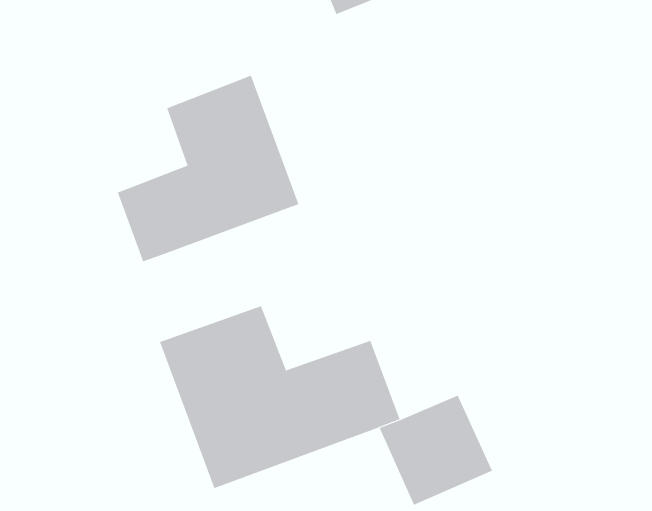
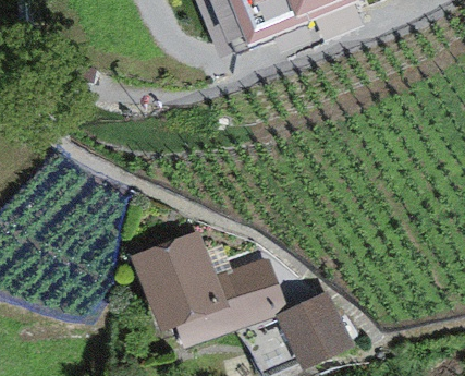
building: [117,75,299,262] -> none

